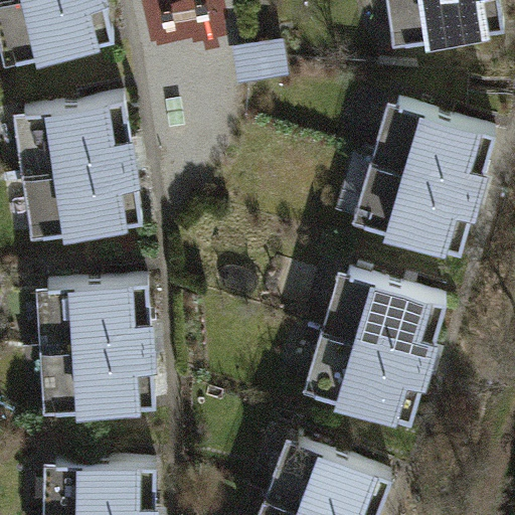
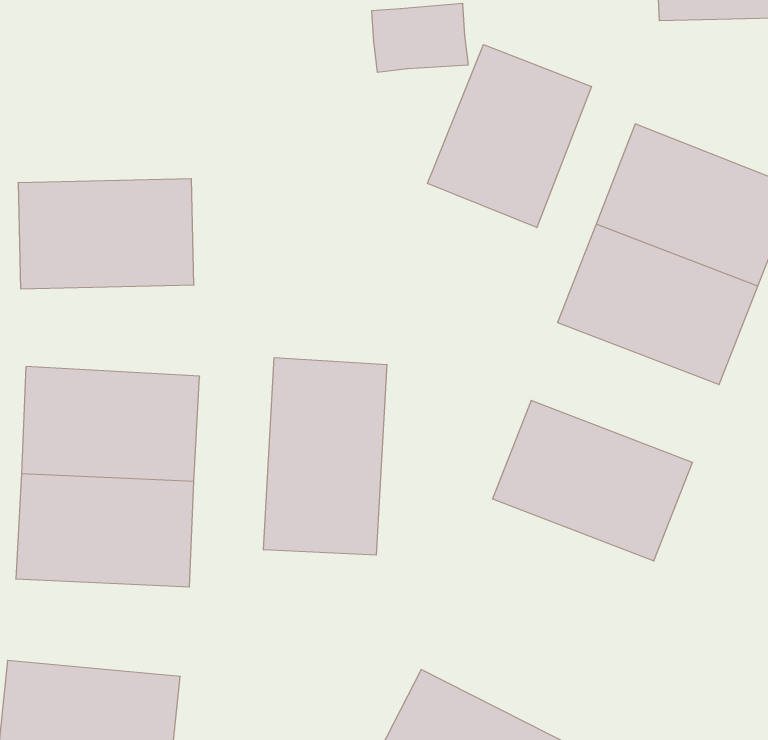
building: none -> [428,45,591,228]
building: [14,102,126,178] -> none
building: none -> [264,358,387,555]
building: [309,338,426,427] -> none

